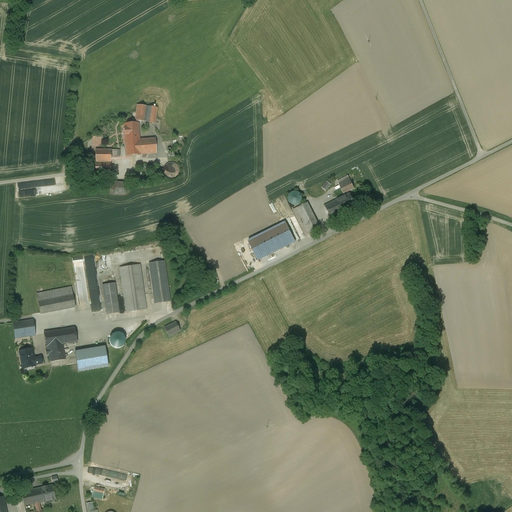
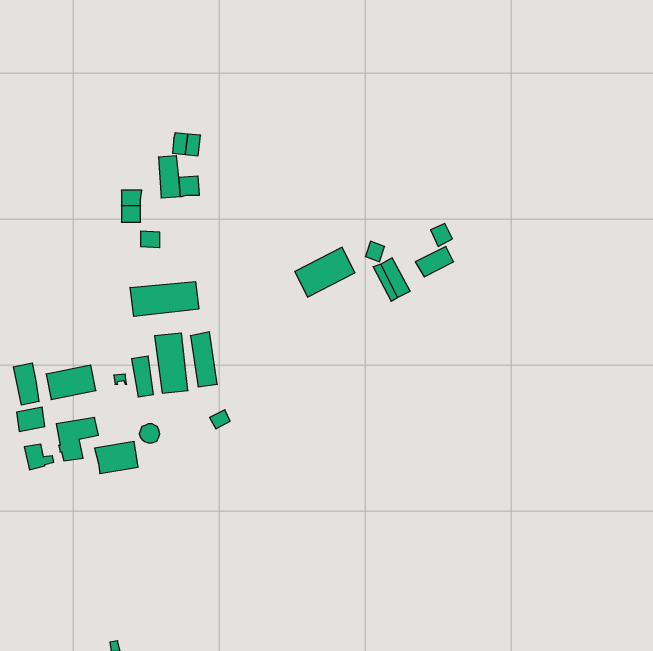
building: none -> [130,282,199,316]
building: [248,221,295,260] -> [295,247,355,297]
building: none -> [14,363,39,405]
building: [21,484,55,506] -> none

